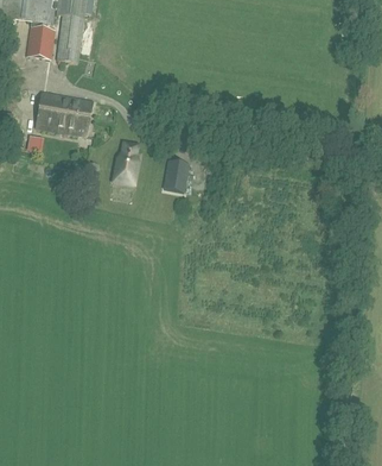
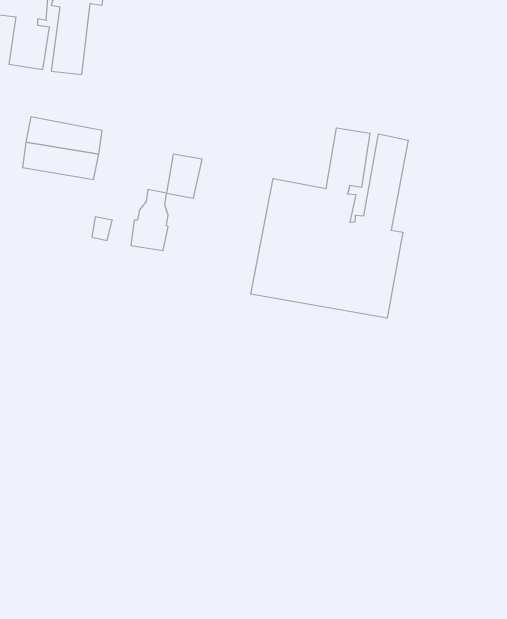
building: none -> [251,128,408,318]
building: [164,159,189,190] -> [166,154,202,198]

